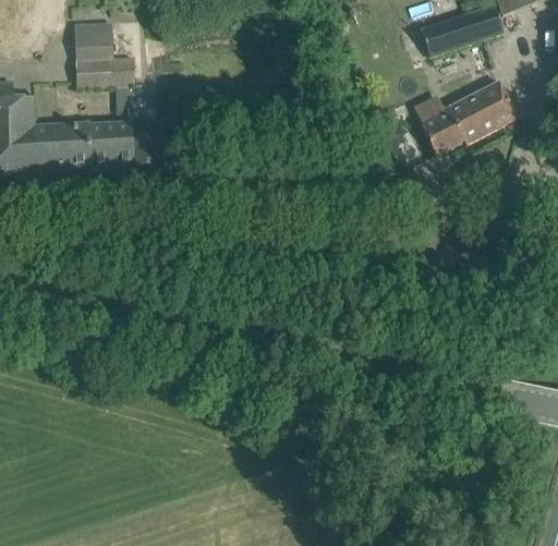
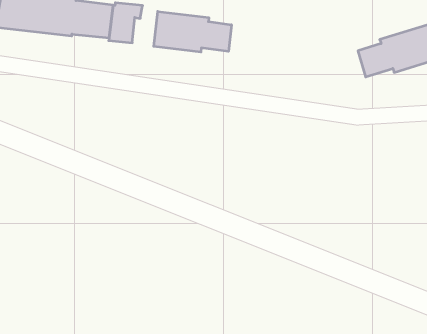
building: none -> [154,11,231,52]

